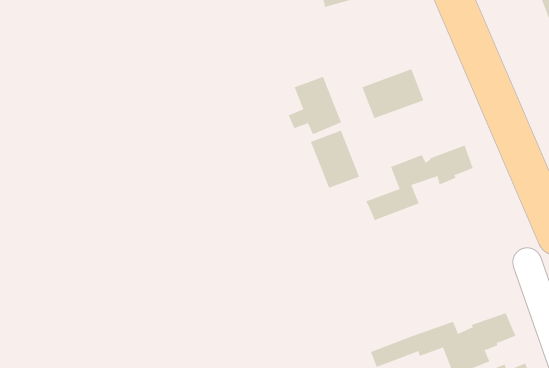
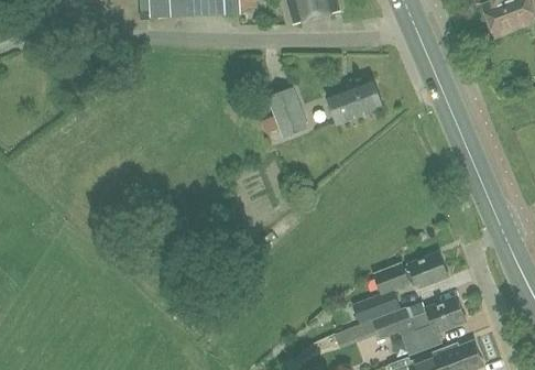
building: [310,130,360,189] -> none
building: [366,145,474,221] -> [351,252,448,320]

